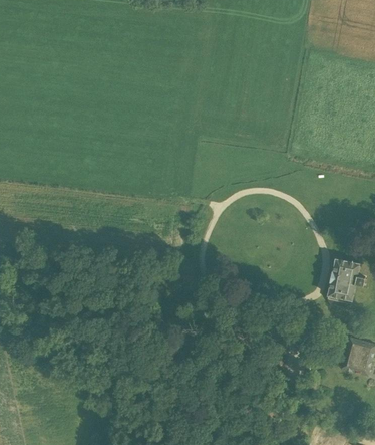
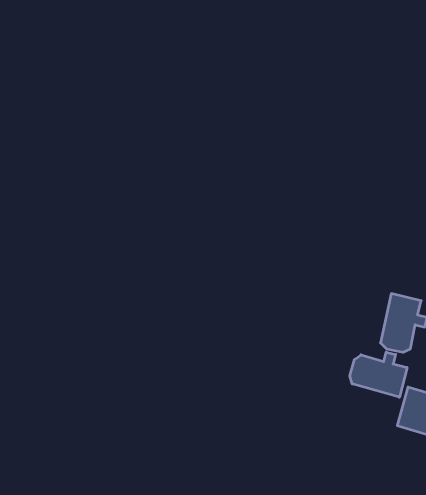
building: none -> [350,352,407,397]

